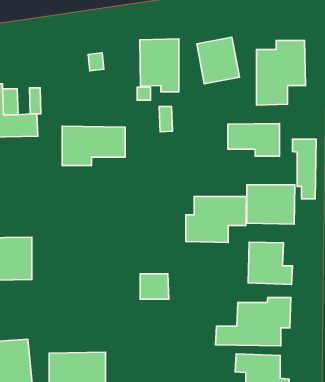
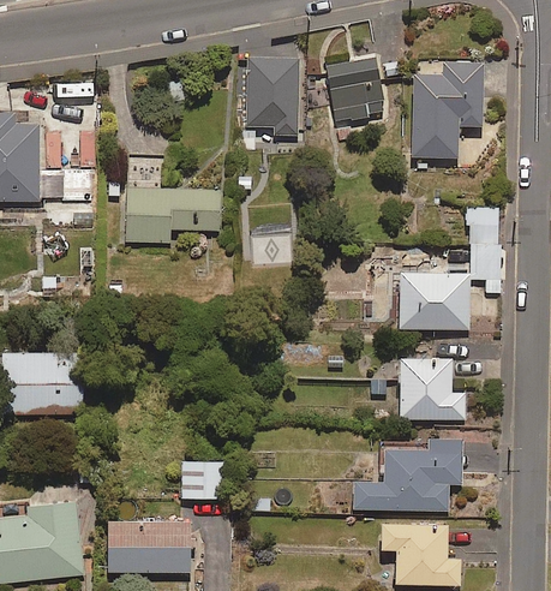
building: [228,123,279,156] -> none
building: [186,196,246,242] -> none
building: [140,274,169,299] -> [181,461,223,499]

